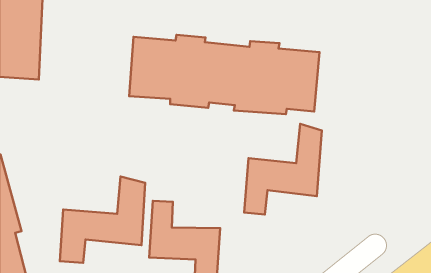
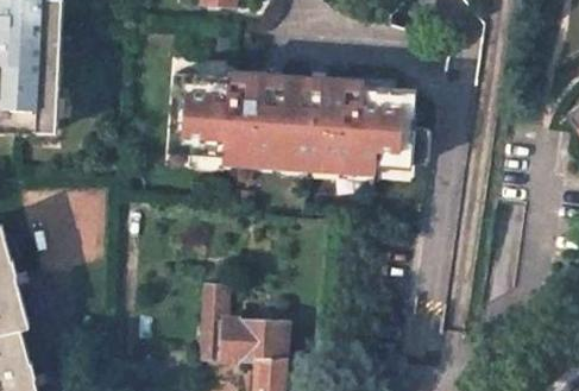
building: [244,124,322,214] -> none
building: [60,177,145,263] -> none

